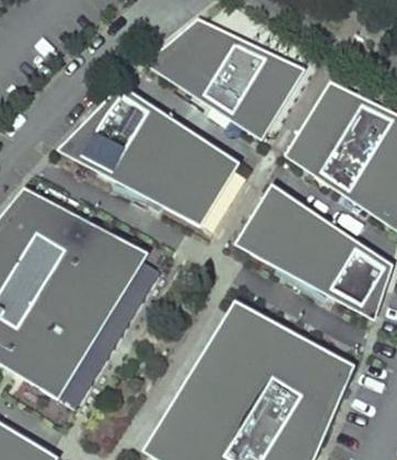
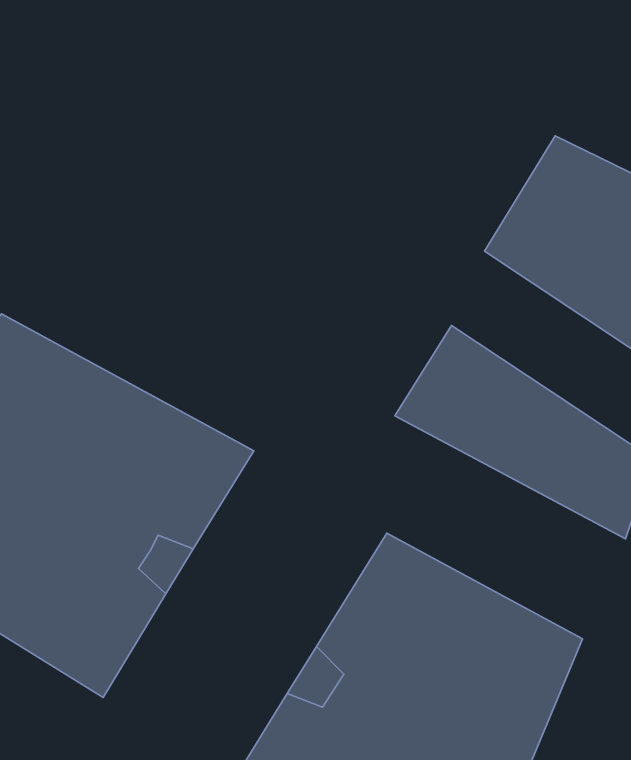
building: [155,24,297,132] -> none
building: [68,93,233,221] -> none

